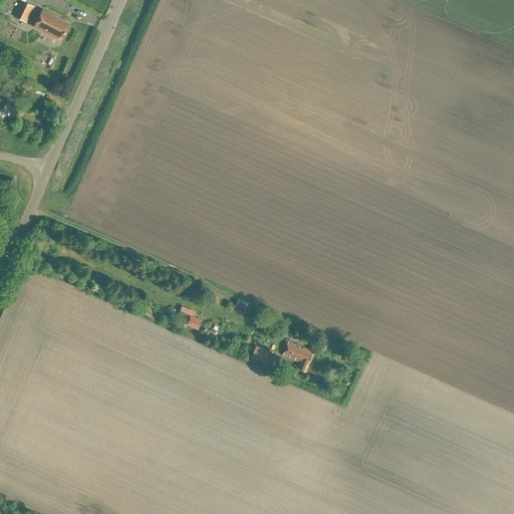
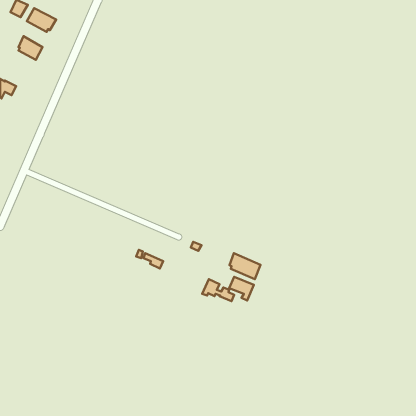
building: none -> [18,36,42,60]
building: none -> [230,253,261,279]

